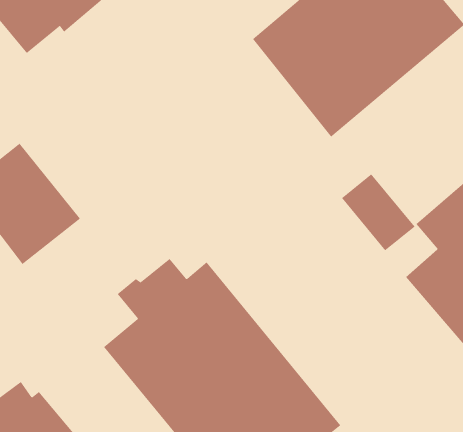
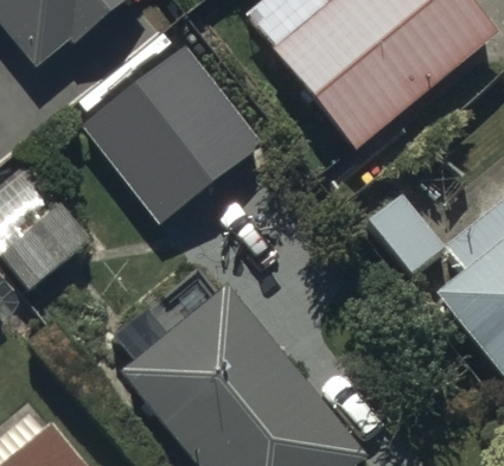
building: none -> [83,46,262,225]

